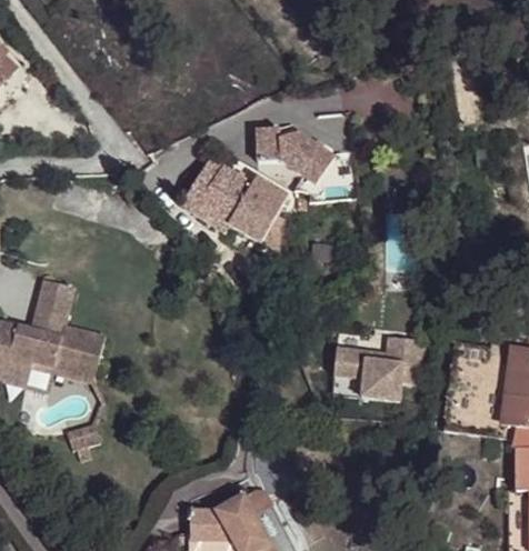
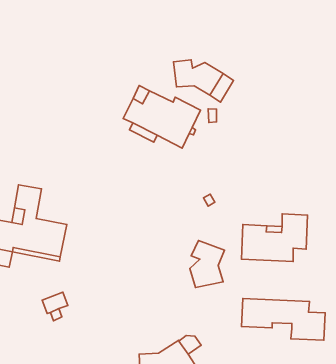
building: none -> [190,241,225,288]
building: none -> [241,298,325,340]

